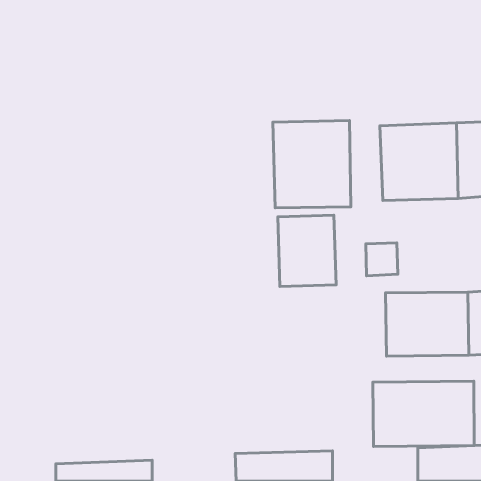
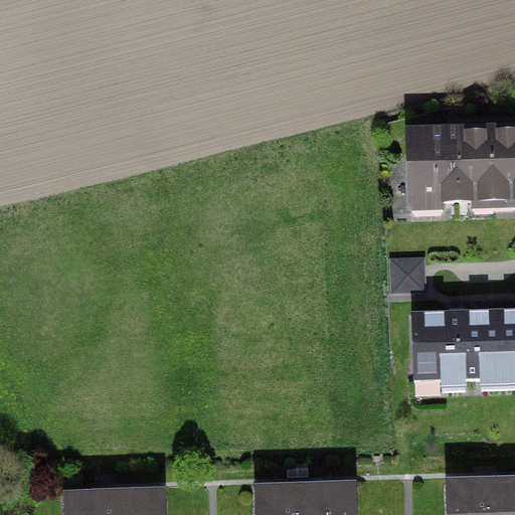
building: [273,120,351,208] -> none
building: [278,215,336,286] -> none
building: [373,381,474,447] -> none

